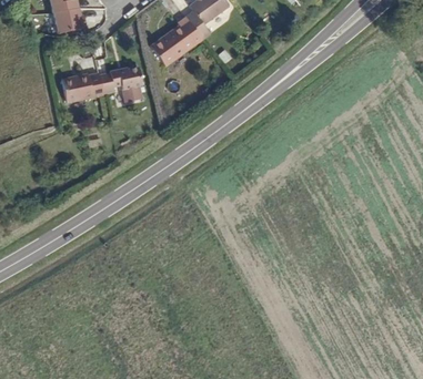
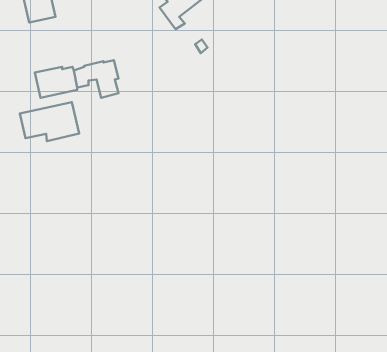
building: [149,16,199,63] -> none
building: none -> [20,102,79,141]

